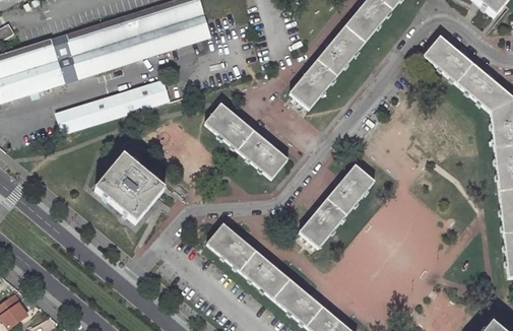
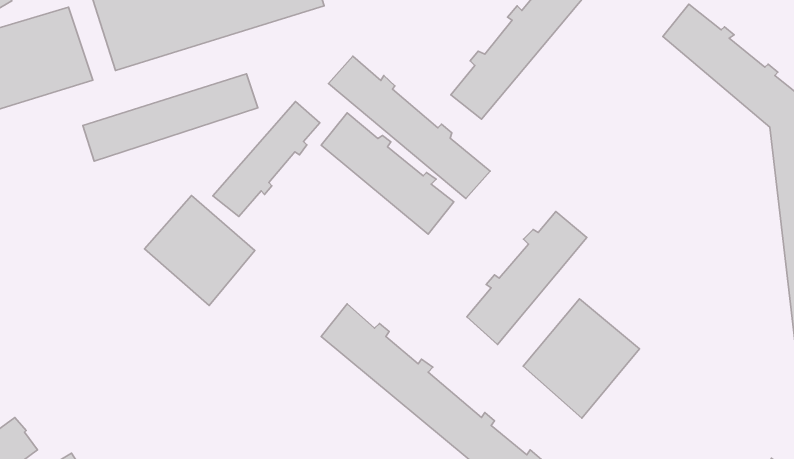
building: none -> [328,56,490,199]
building: none -> [213,102,320,217]
building: none -> [523,299,639,418]

